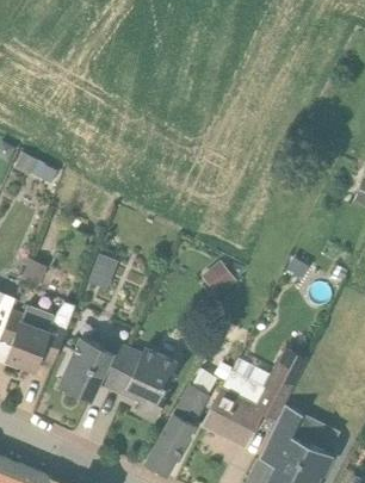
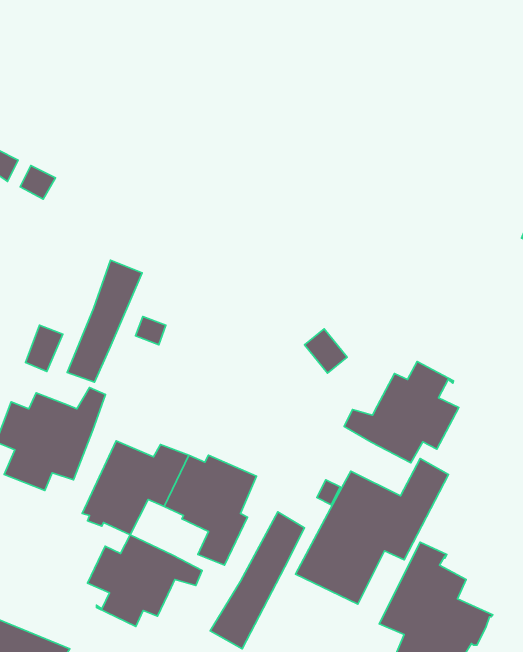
building: none -> [67,260,142,382]
building: none -> [344,361,459,463]
building: none -> [88,535,202,627]

